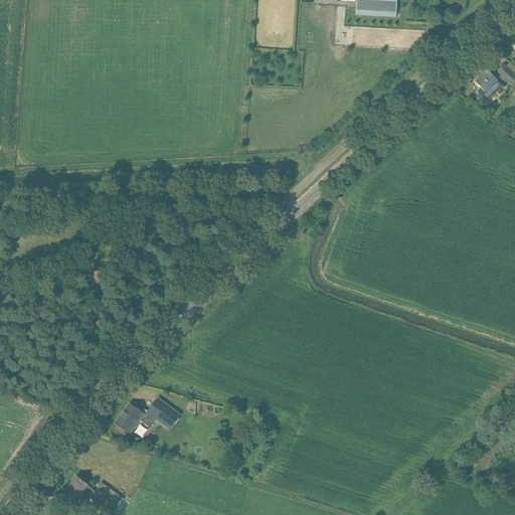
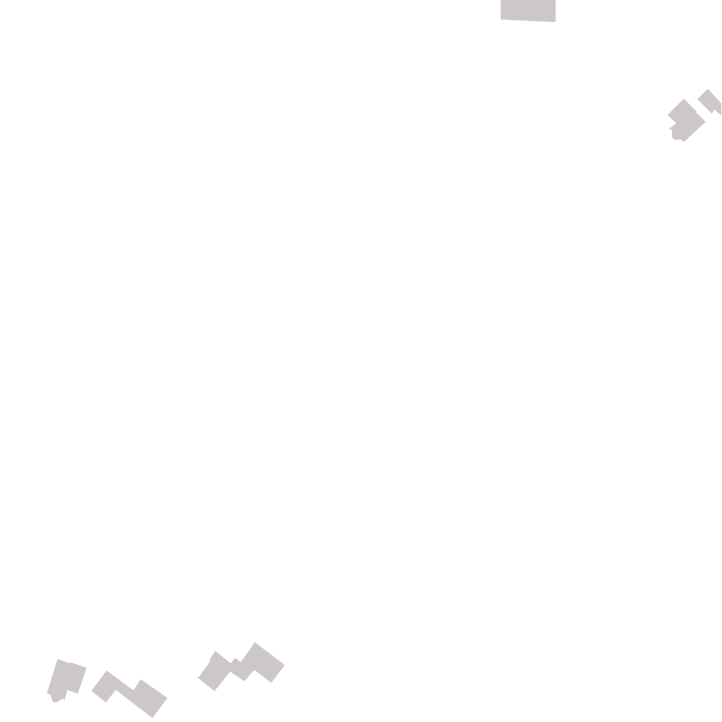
building: [115,397,179,434] -> [195,641,286,692]
building: none -> [46,658,87,704]

